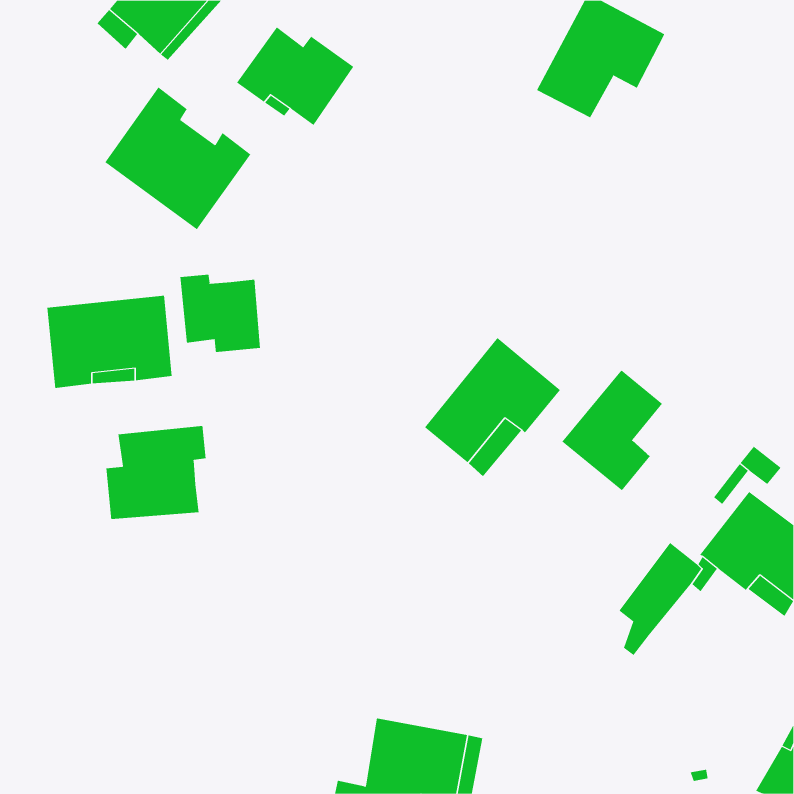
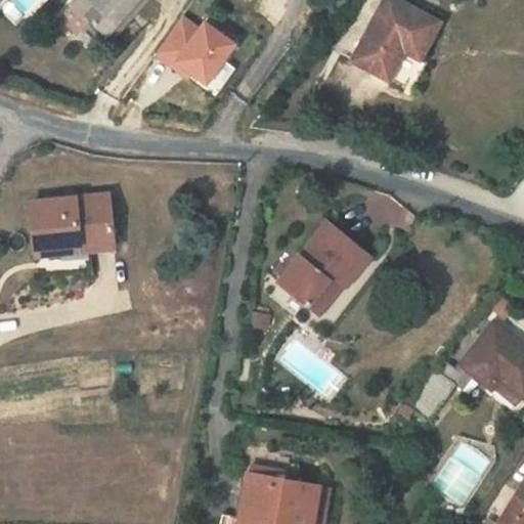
building: [104,87,251,230] -> none
building: [180,274,260,353] -> none
building: [561,370,663,491] -> none
building: [106,425,206,520] -> none

